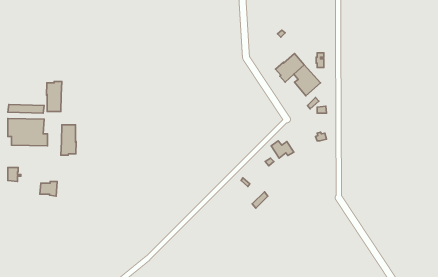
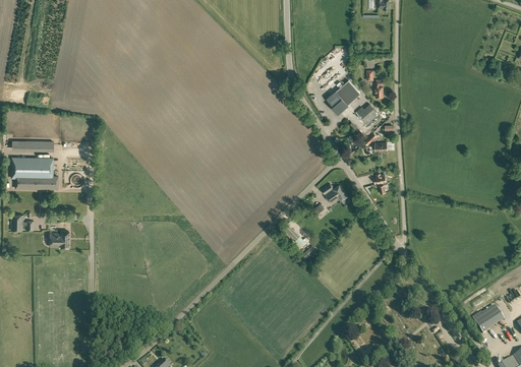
building: [47,81,62,112] -> none
building: [61,125,76,155] -> none
building: none -> [474,303,505,331]

